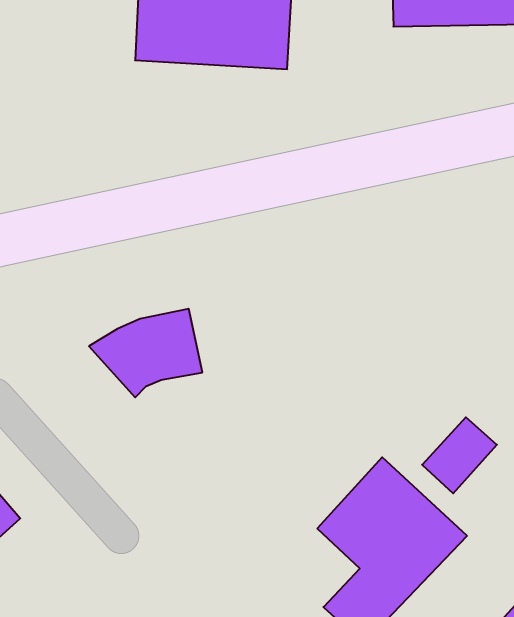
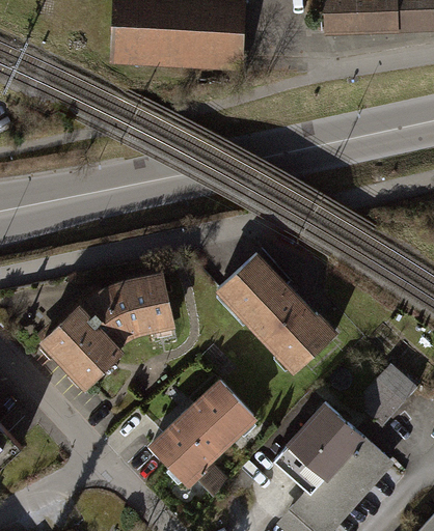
building: none -> [215,251,335,372]
building: none -> [40,304,121,385]
building: none -> [147,380,255,484]

